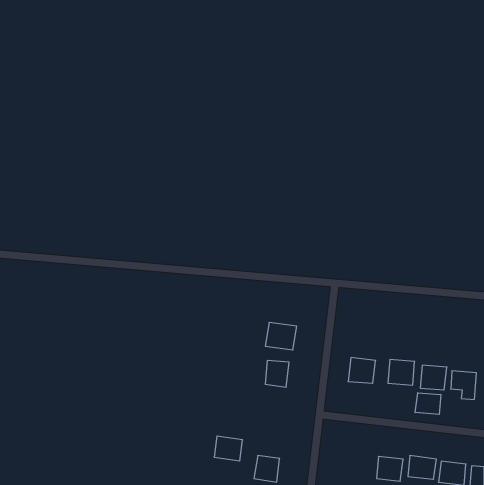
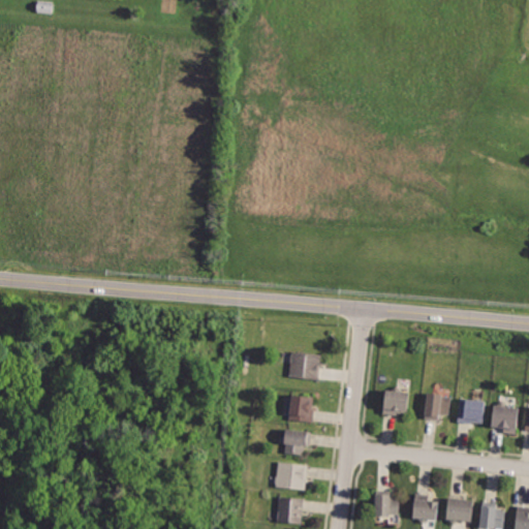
building: none -> [281,426,313,457]
building: [415,393,441,414] -> none
building: [214,436,243,461] -> [276,463,307,490]
building: none -> [370,492,401,518]

